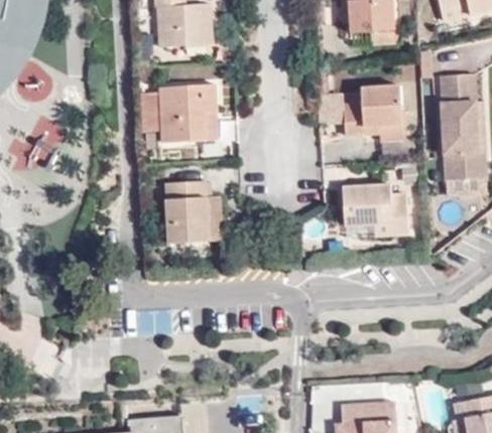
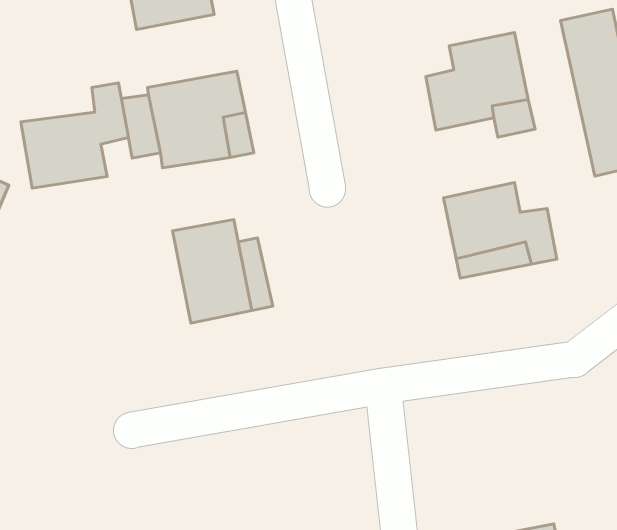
building: none -> [21,83,128,188]

